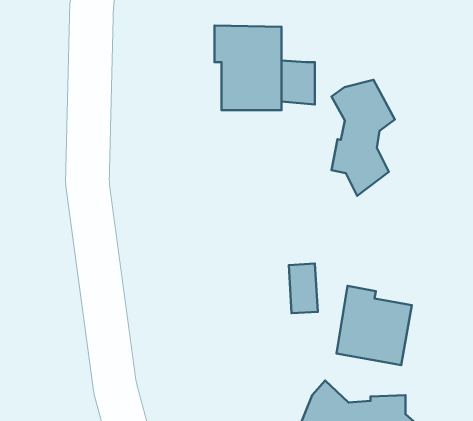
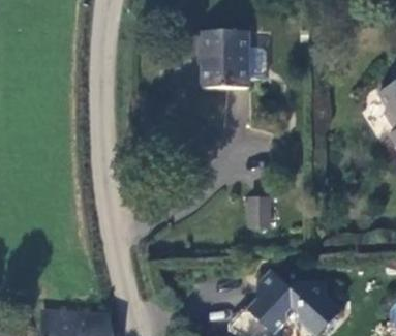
building: [332,80,395,196] -> none
building: [337,286,412,365] -> none

